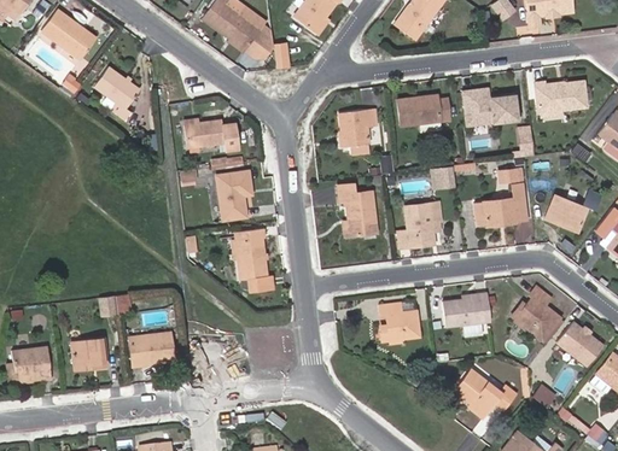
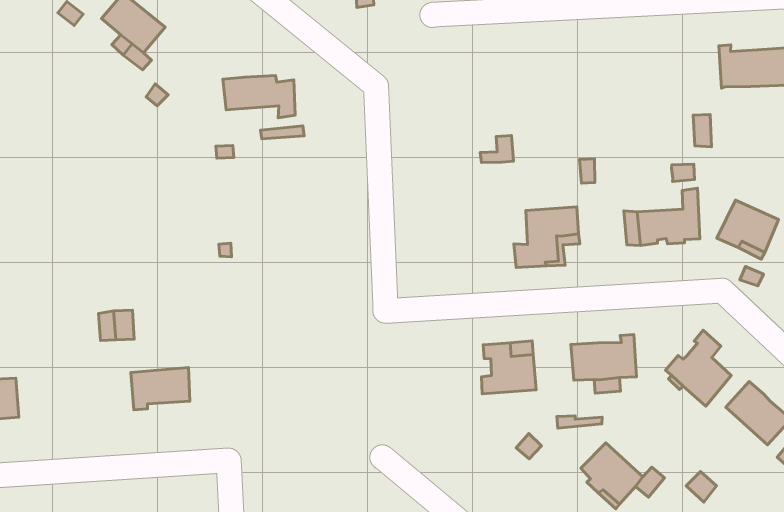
building: [464,88,519,125] -> none
building: [398,94,453,124] -> none
building: [339,109,377,154] -> none
building: [217,171,252,219] -> none
building: [338,183,377,235] -> none
building: [235,227,272,291] -> none
building: [72,339,107,368] -> none

